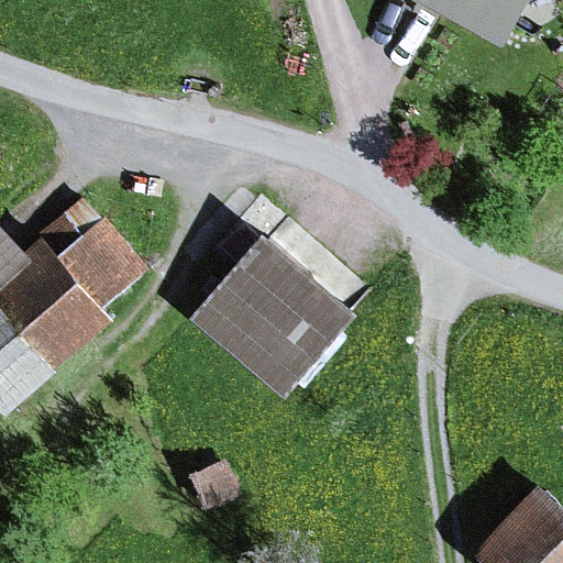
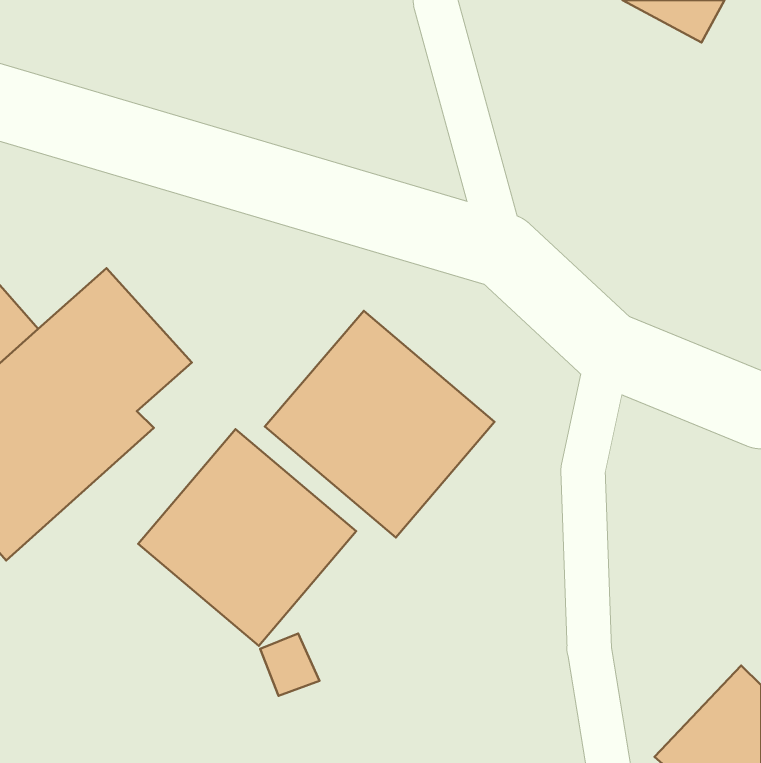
building: none -> [138,429,356,646]

